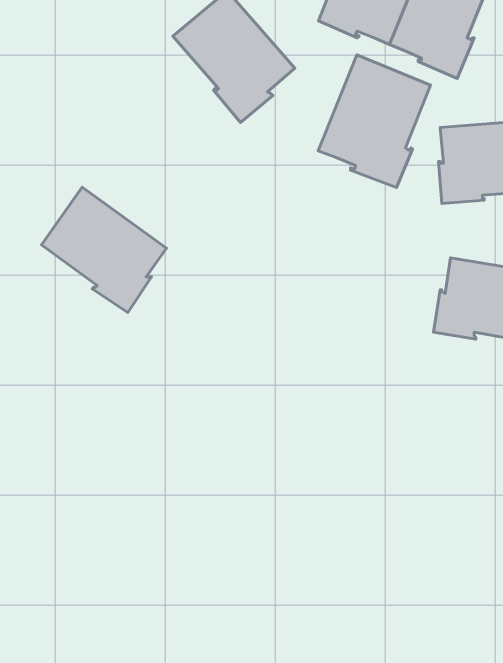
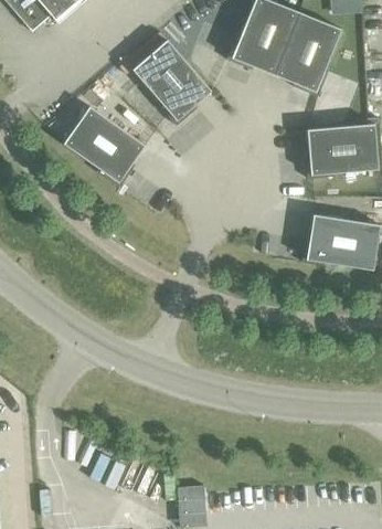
building: [318,55,431,188] -> none
building: [41,187,167,312] -> [64,105,146,187]

